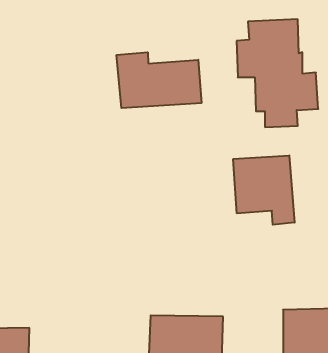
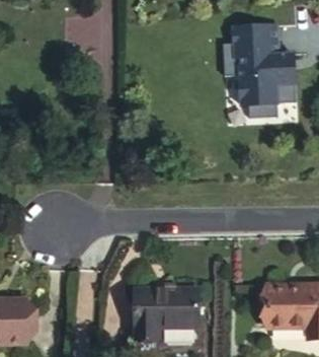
building: [117,52,201,108] -> none
building: [233,155,295,225] -> none

